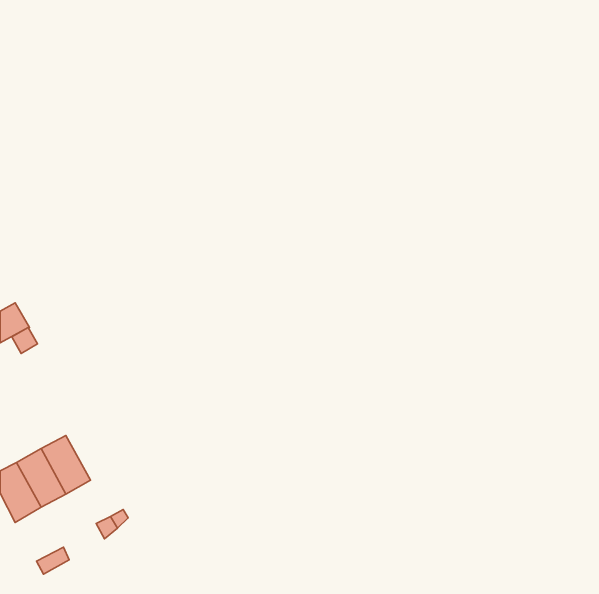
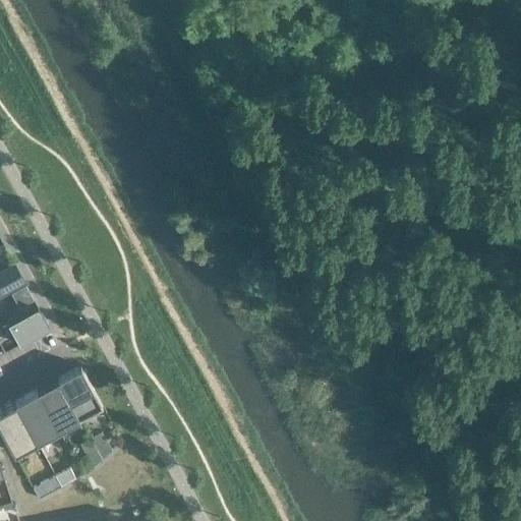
building: none -> [8,311,49,348]
building: none -> [58,370,103,421]

